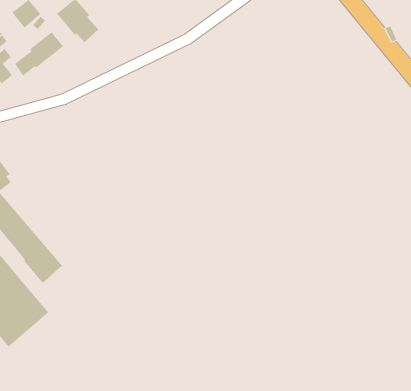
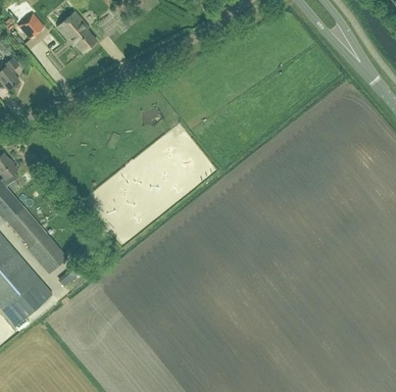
building: [14,32,64,76] -> none

